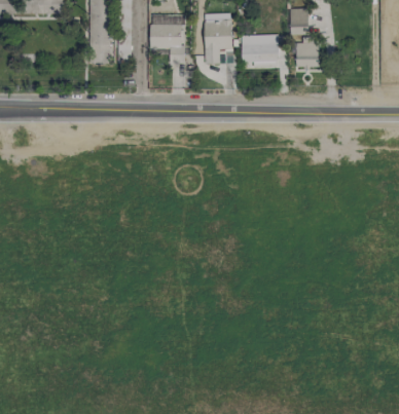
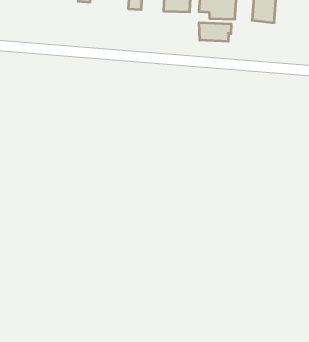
building: none -> [199,23,231,41]

